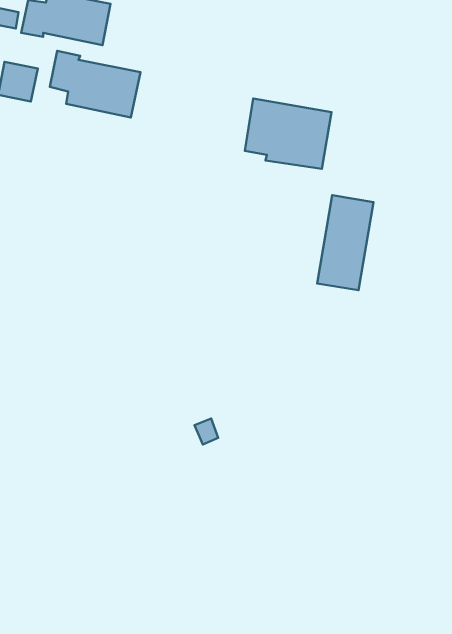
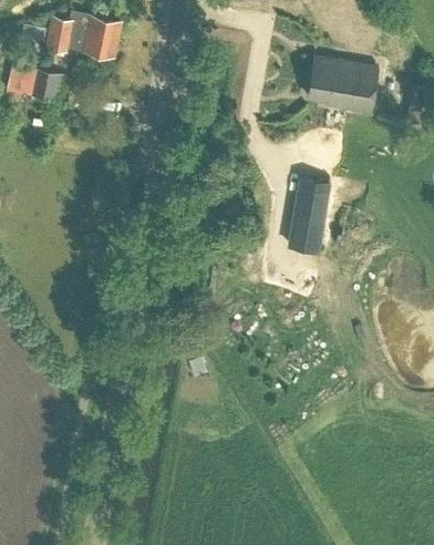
building: [50,51,140,117] -> none
building: [245,98,331,169] -> [309,56,379,113]

